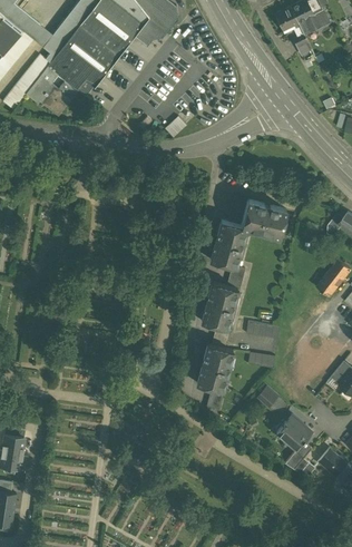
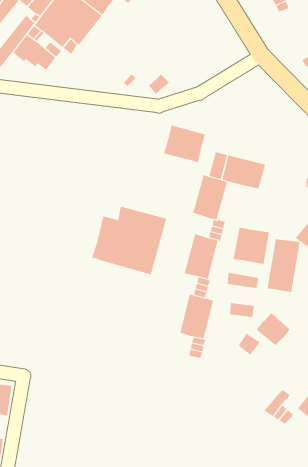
building: none -> [163,124,206,163]
building: none -> [91,206,167,275]
building: none -> [233,227,269,265]
building: none -> [267,238,300,293]
building: [276,416,312,450] -> [256,312,290,346]

